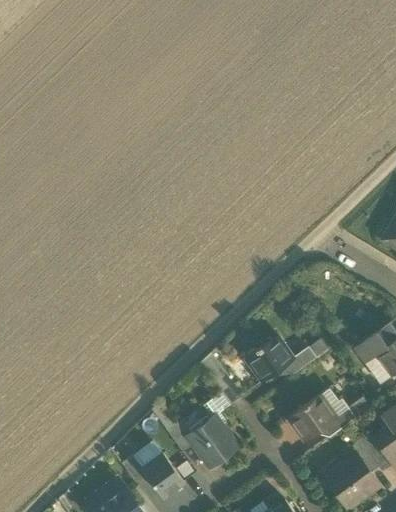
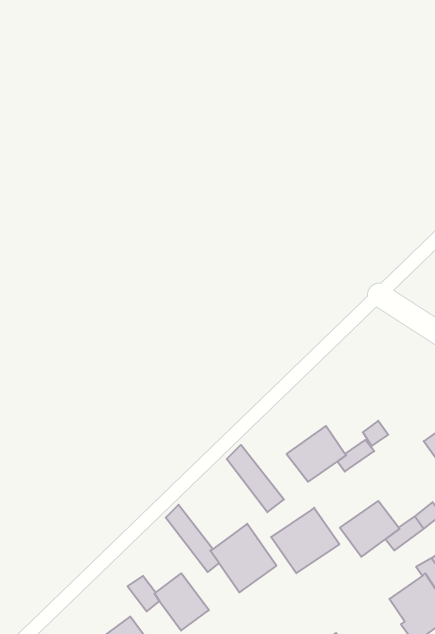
building: none -> [271,508,339,573]

